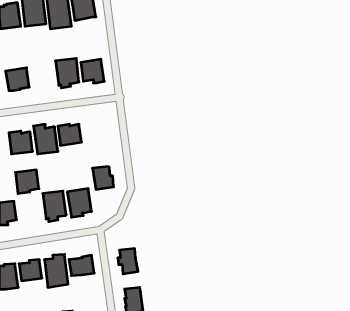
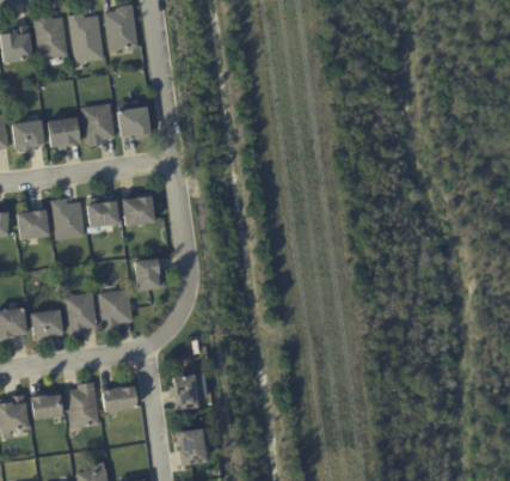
building: none -> [47,116,79,151]
building: none -> [121,193,154,226]
building: [15,170,39,194] -> [29,308,62,341]

